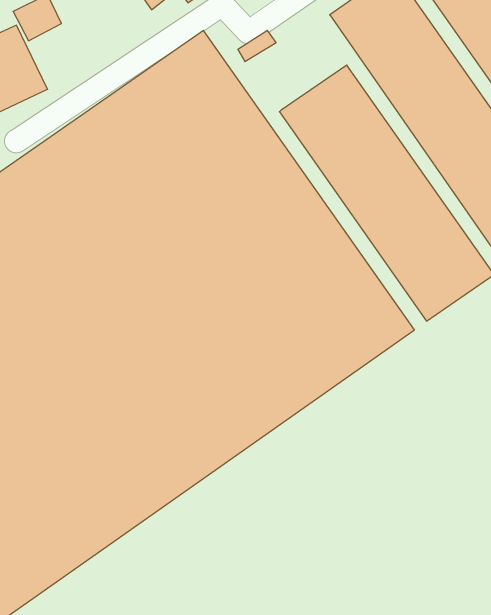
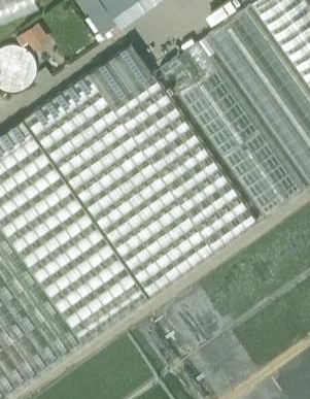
building: none -> [160,40,216,92]

